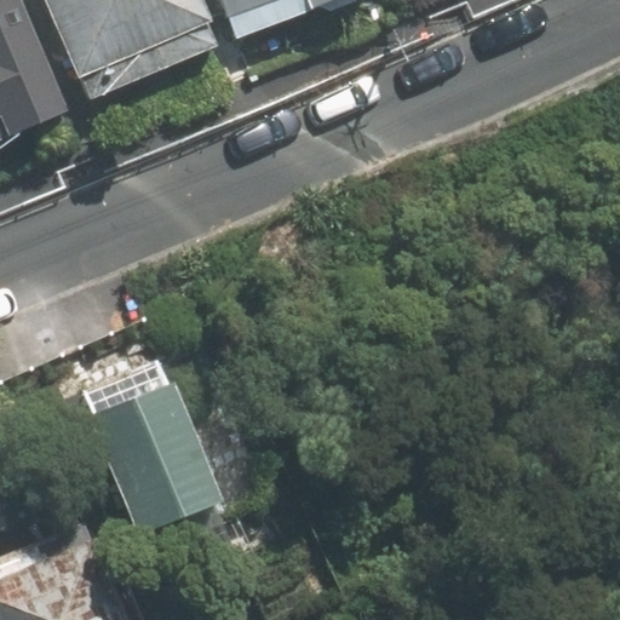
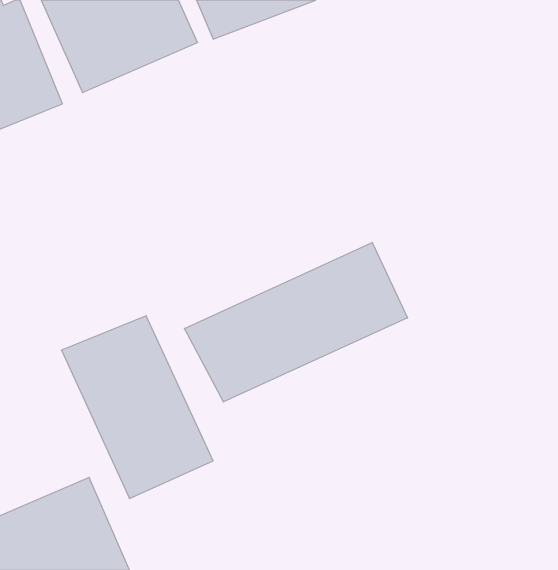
building: none -> [184,242,408,402]

